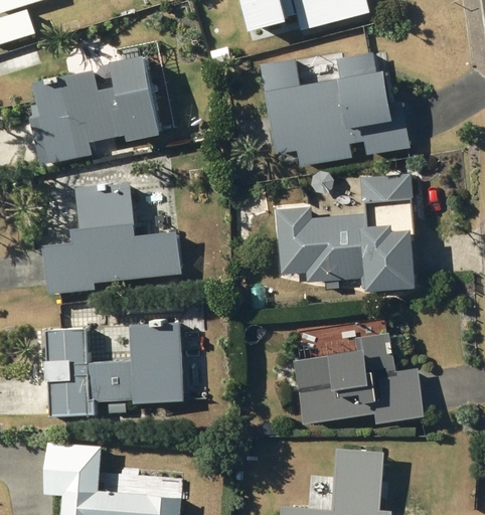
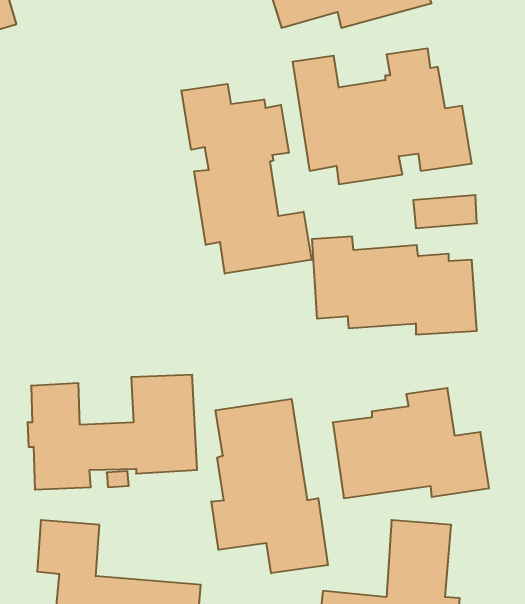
building: [29,53,157,165] -> none
building: none -> [181,84,312,274]
building: [42,183,181,294] -> none
building: none -> [211,399,328,573]

